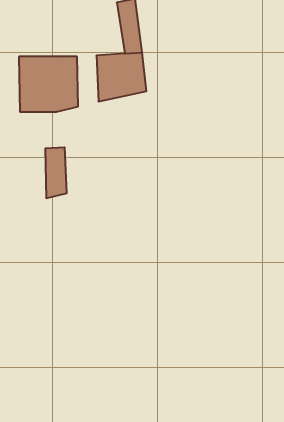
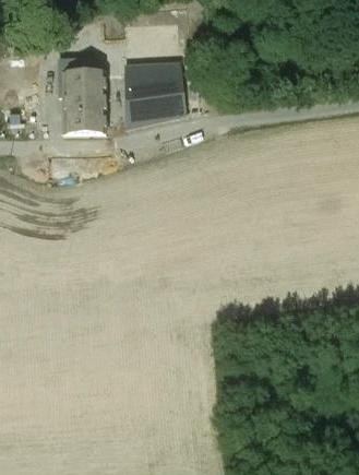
building: [45,147,67,198] -> [117,70,140,124]

